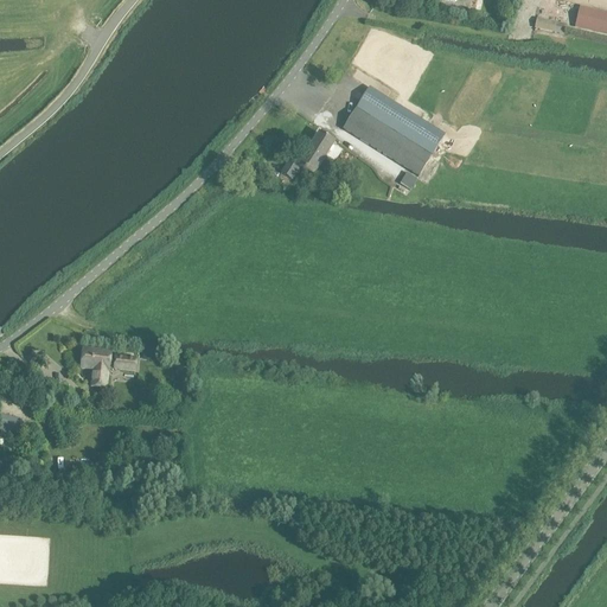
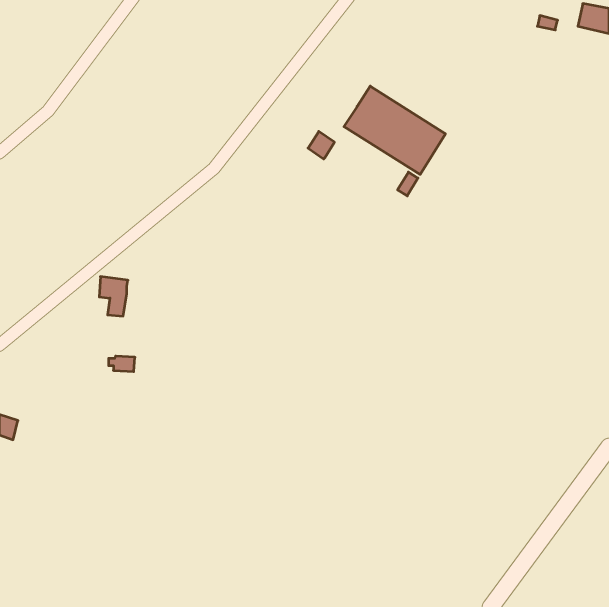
building: [280,147,332,177] -> none
building: [81,346,109,385] -> [99,277,128,316]

